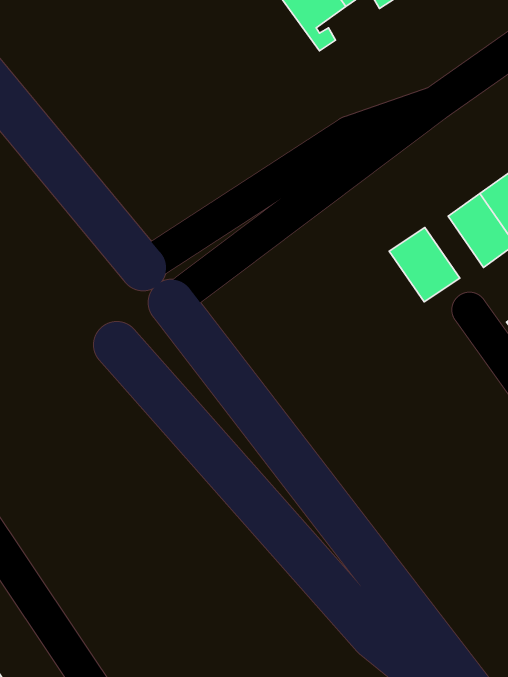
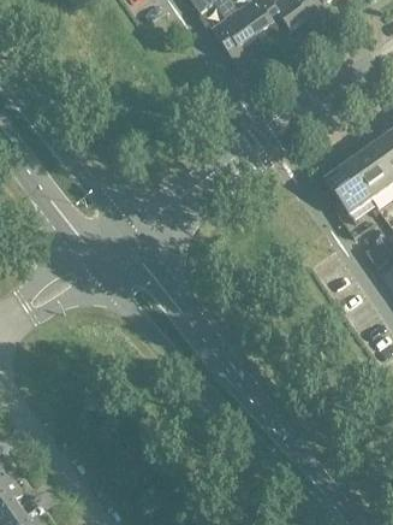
building: [389,228,460,302] -> none

